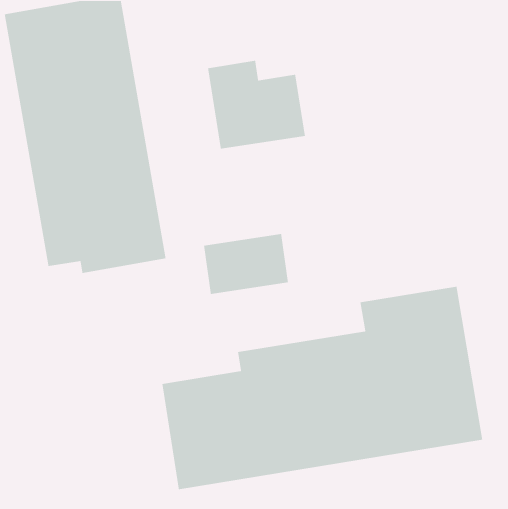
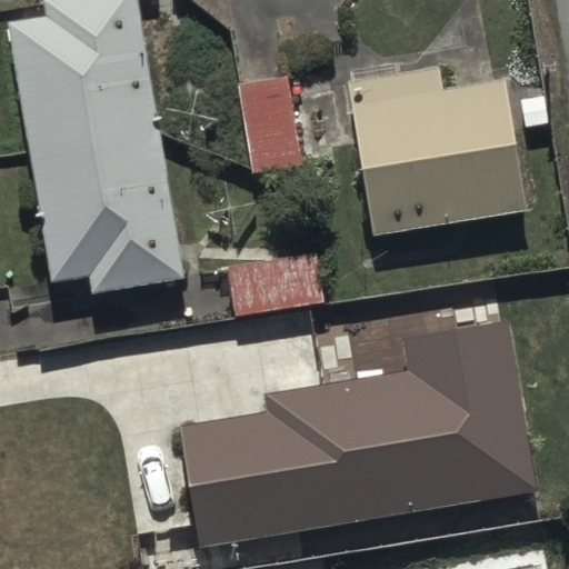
building: none -> [342,56,528,236]

